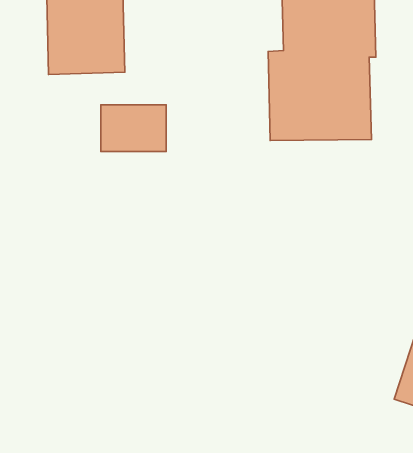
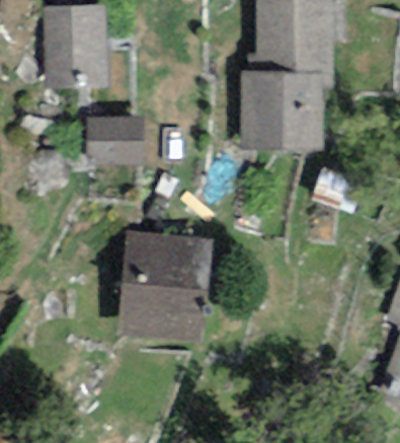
building: none -> [138,242,235,338]

